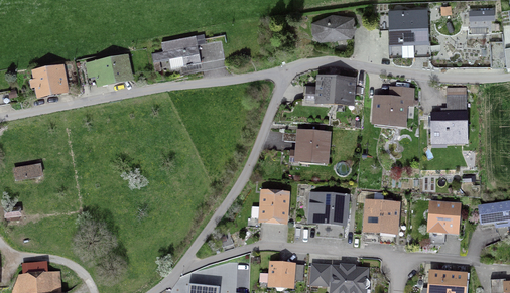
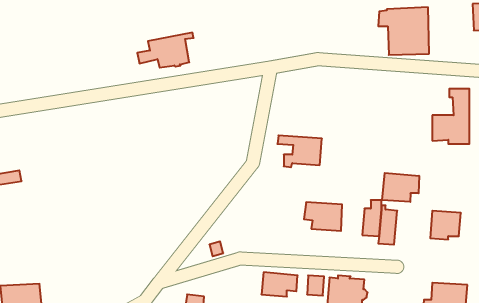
building: [313,15,355,39] -> none
building: [96,58,129,84] -> none
building: [35,69,68,98] -> none
building: [303,78,353,102] -> none
building: [375,88,413,125] -> none
building: none -> [382,173,419,202]
building: [261,193,287,221] -> none

